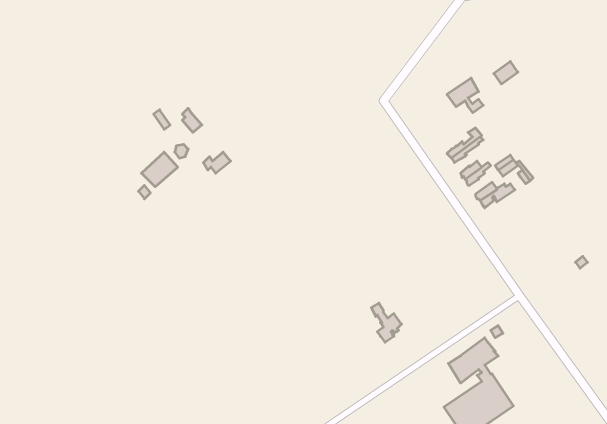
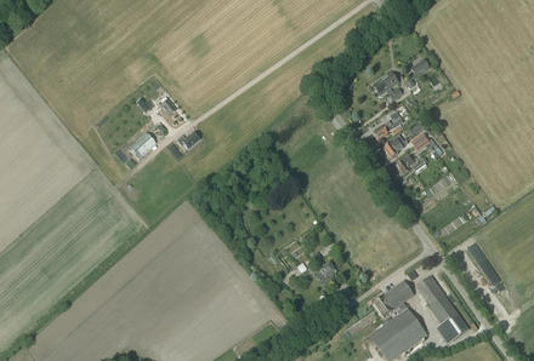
building: none -> [416,276,467,343]

